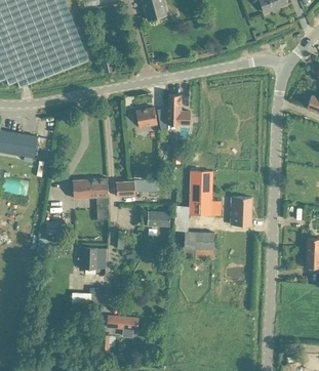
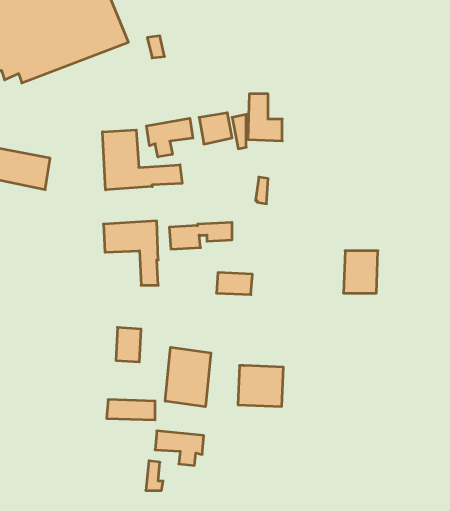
building: none -> [146,118,193,157]
building: none -> [103,130,182,190]
building: [189,169,221,214] -> none
building: [185,231,214,257] -> [238,366,283,406]
building: none -> [165,347,211,407]

